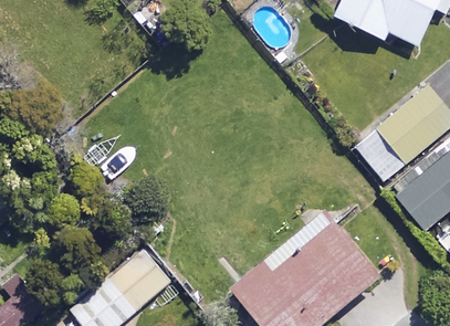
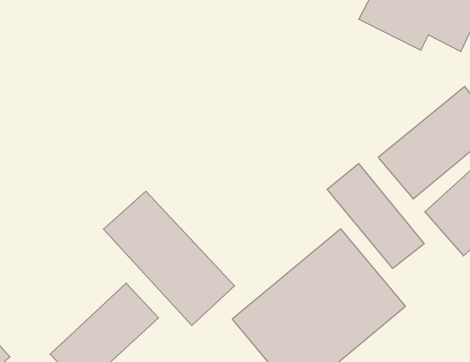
building: none -> [327,163,424,268]
building: none -> [103,191,235,325]

